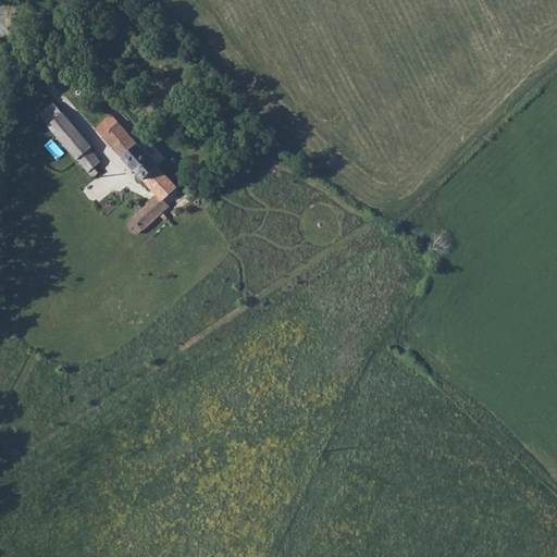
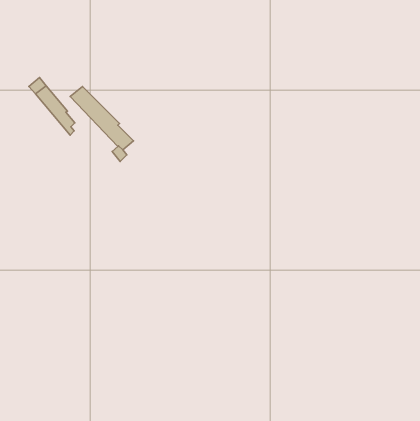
building: [129,200,159,231] -> none

